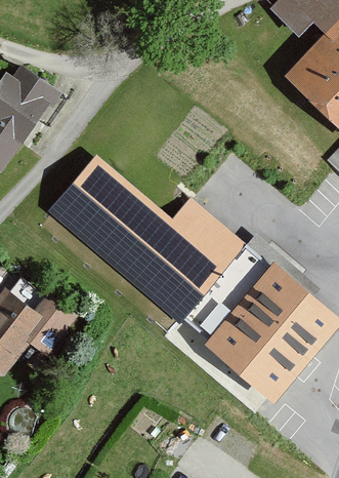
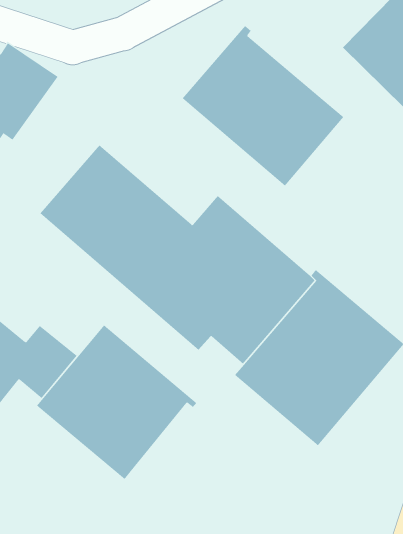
building: none -> [182,25,344,187]
building: none -> [36,324,197,480]

